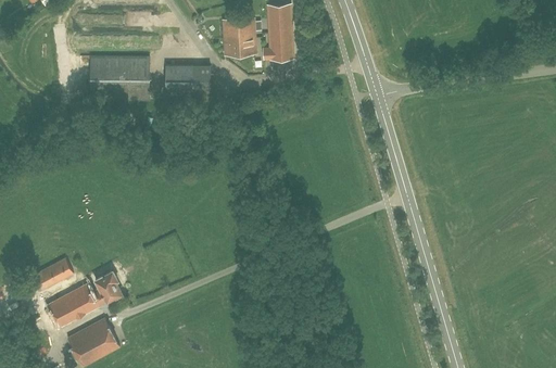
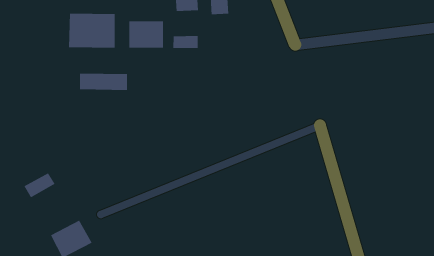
building: none -> [173,35,198,49]
building: none -> [79,73,128,91]
building: [48,270,122,326] -> none

